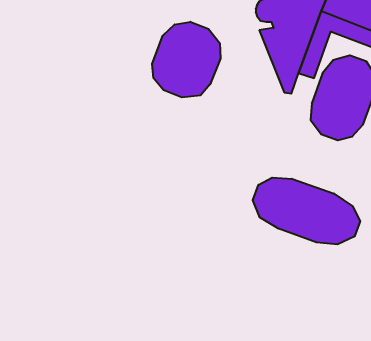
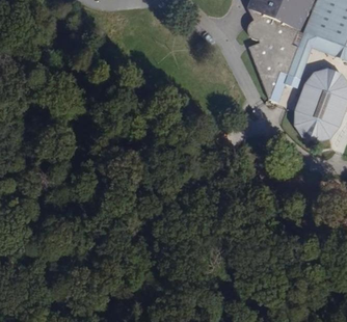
building: [152,22,220,97] -> none
building: [253,178,360,244] -> none

